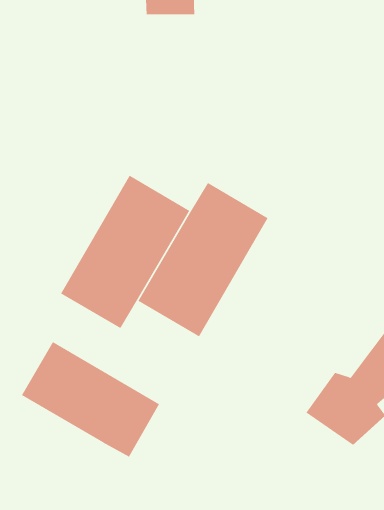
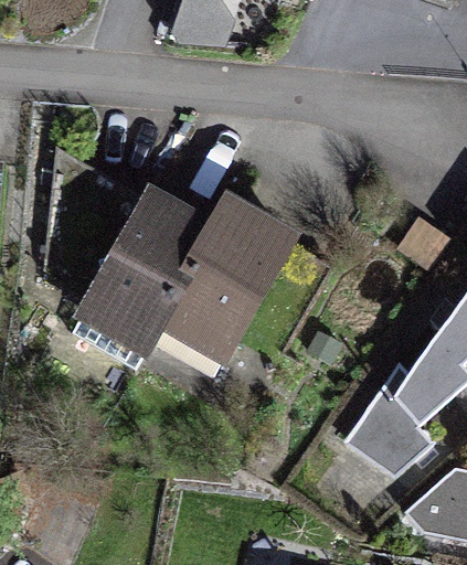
building: [21,341,160,458] -> none

